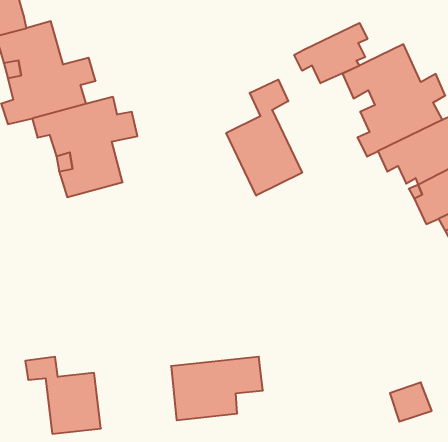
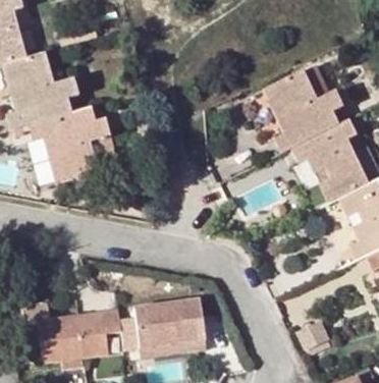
building: [294,23,367,83] -> none
building: [226,80,302,196] -> none
building: none -> [76,310,121,355]
building: none -> [139,327,206,359]

